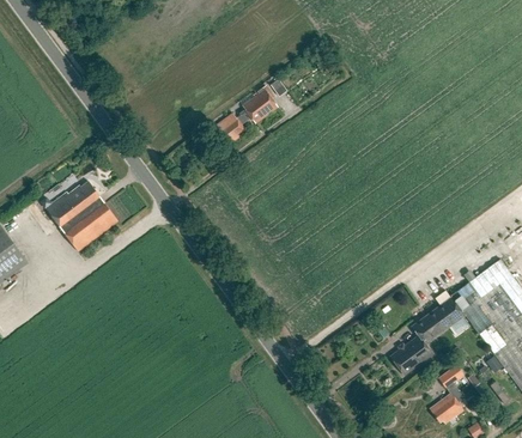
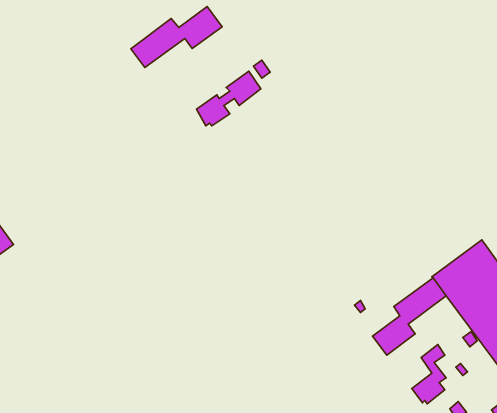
building: none -> [131,7,222,67]
building: [45,180,119,250] -> none

